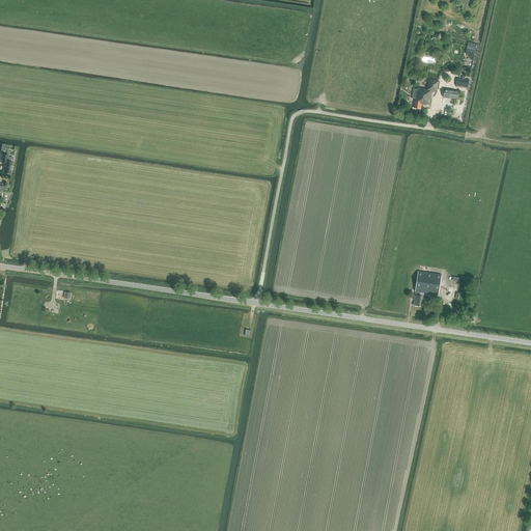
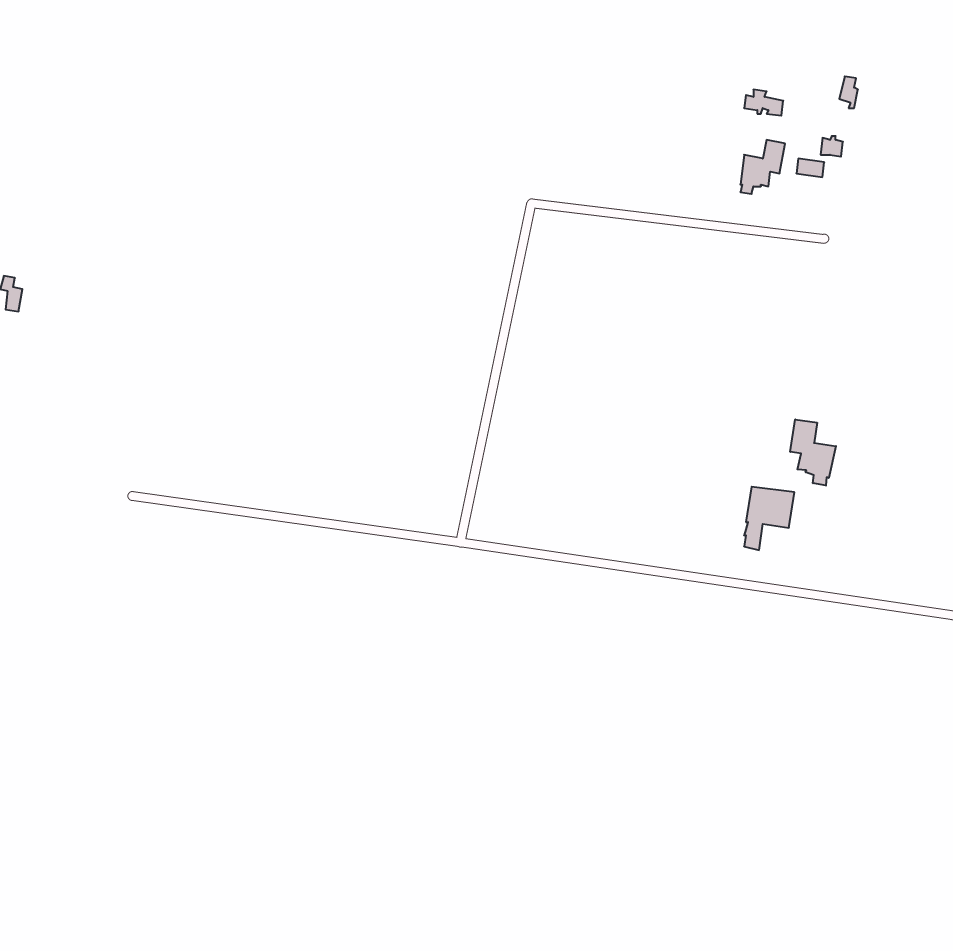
building: none -> [790,419,836,486]

